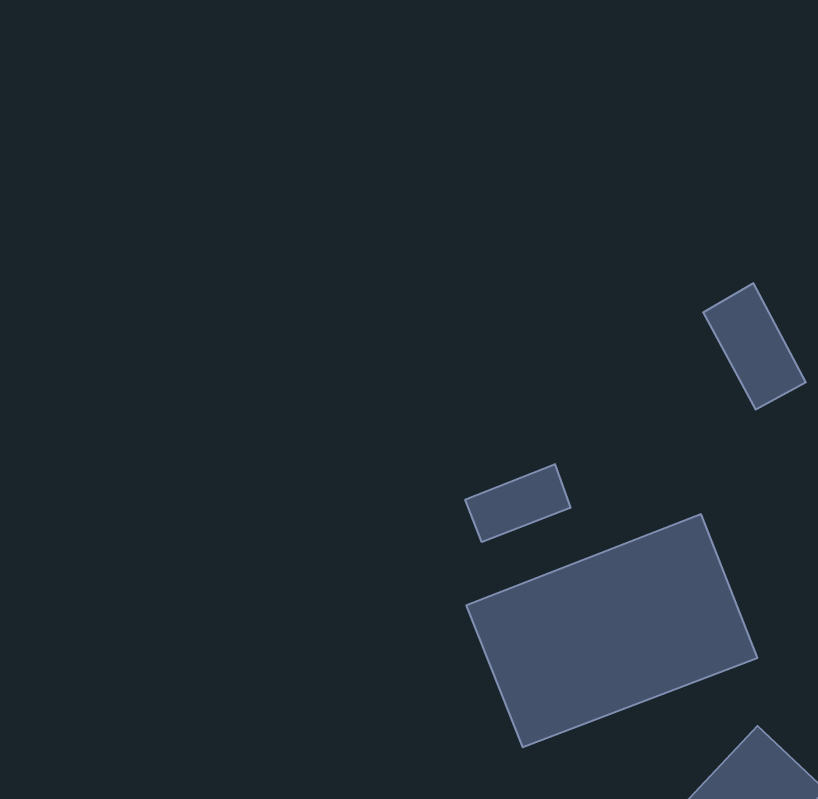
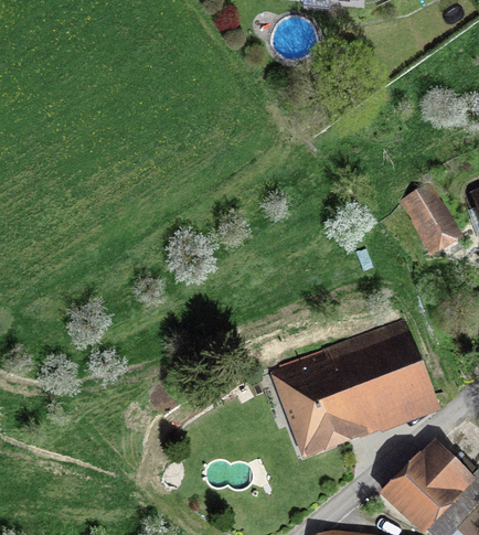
building: [465,464,570,542] -> none

